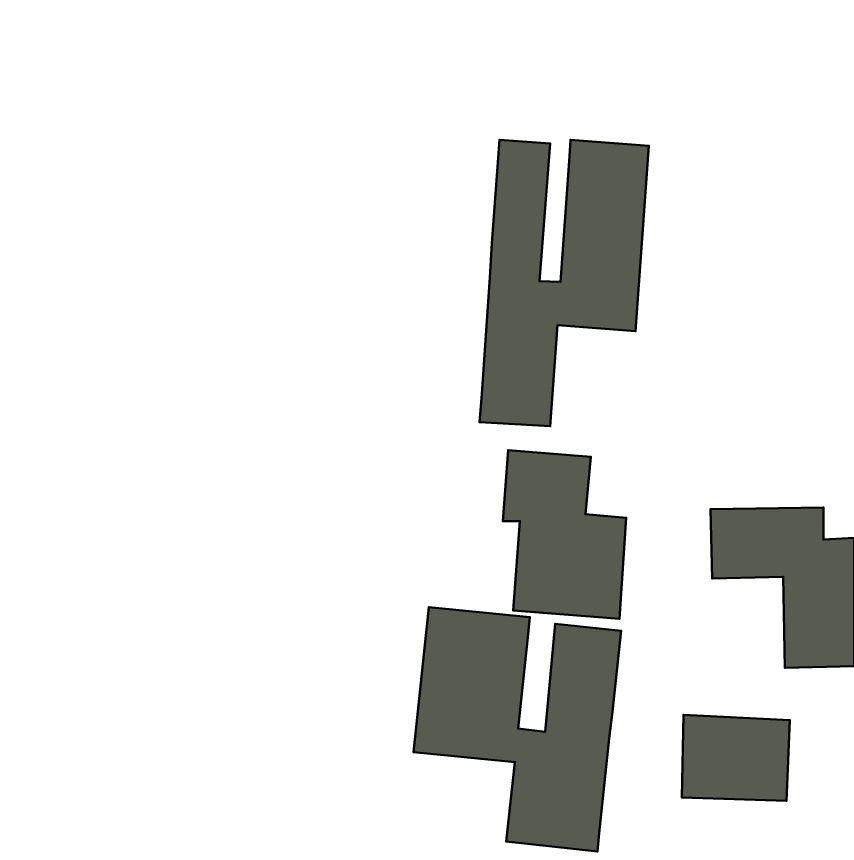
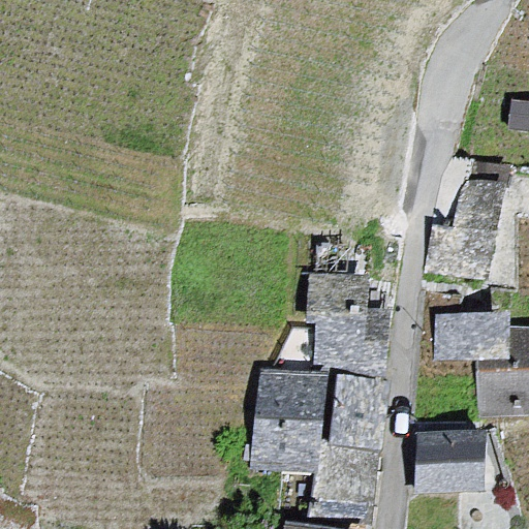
building: [480,140,649,426] -> none
building: none -> [427,180,494,273]

